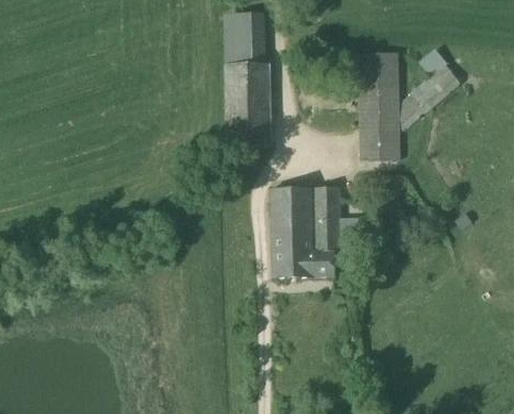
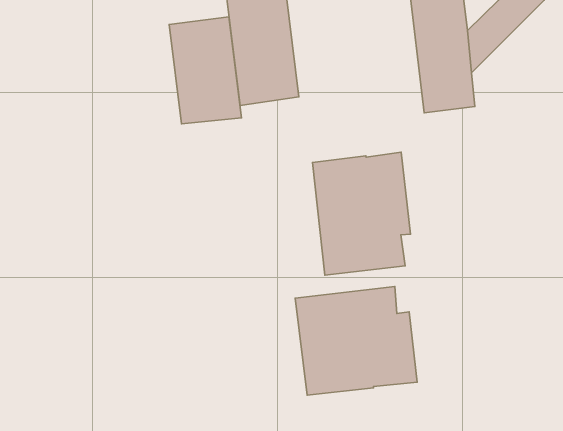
building: none -> [169,17,242,124]
building: none -> [295,287,417,395]

